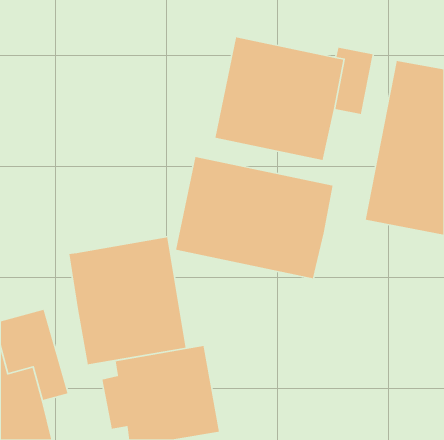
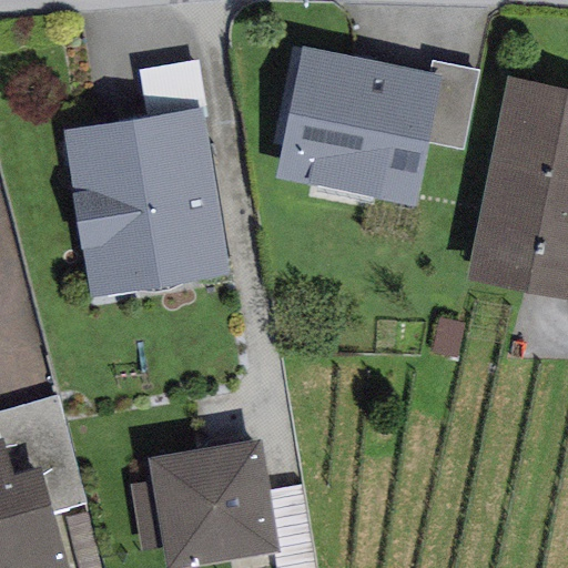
building: none -> [62,108,231,300]
building: [175,156,334,279] -> none
building: [68,237,187,365] -> none

